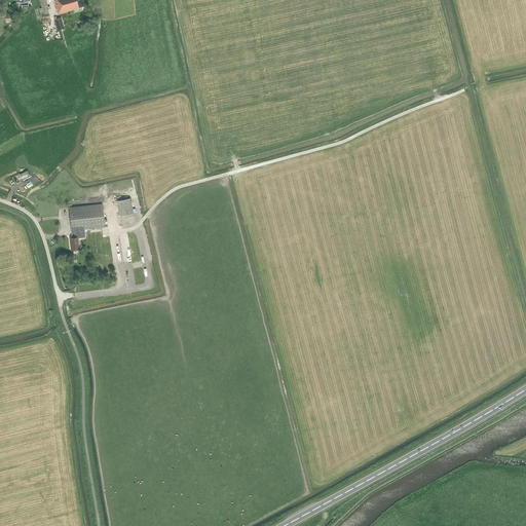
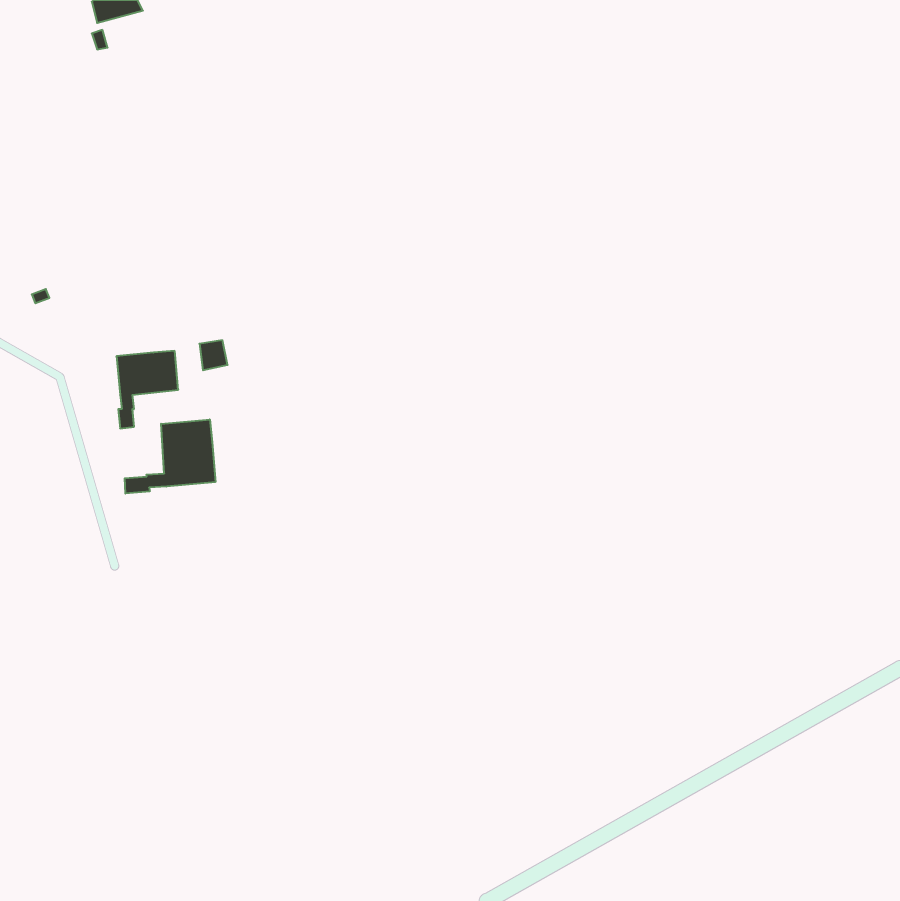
building: none -> [125,419,215,494]

